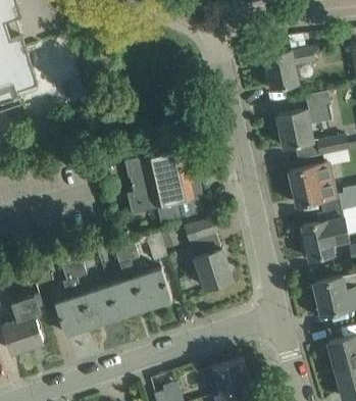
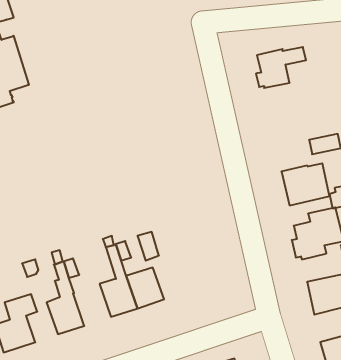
building: [277,104,332,148] -> none
building: [129,149,207,222] -> none
building: [185,217,232,290] -> none
building: [81,285,118,327] -> none

